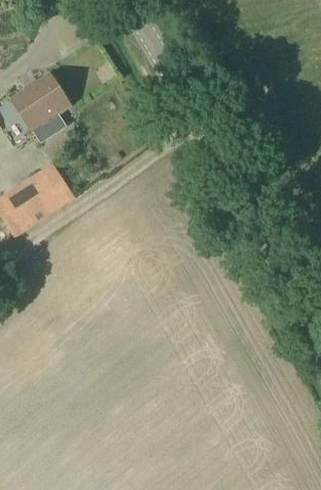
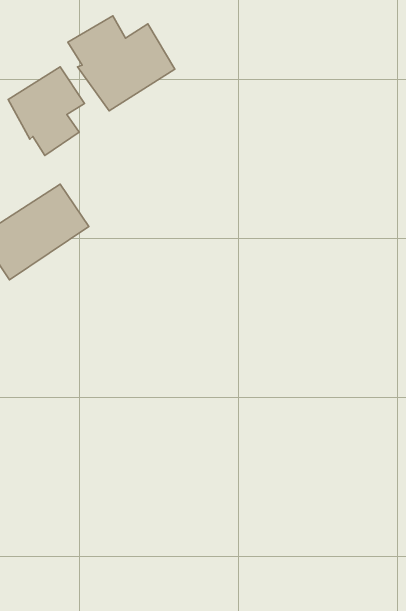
building: none -> [68,16,175,111]

